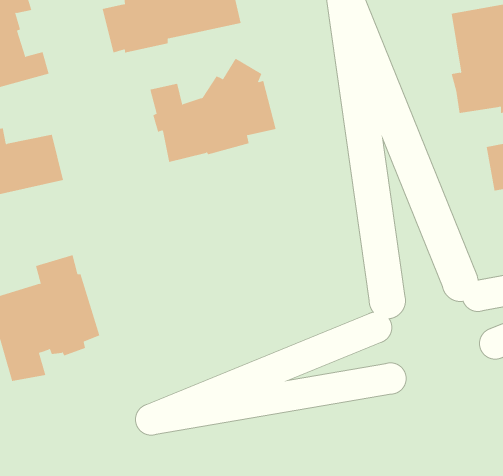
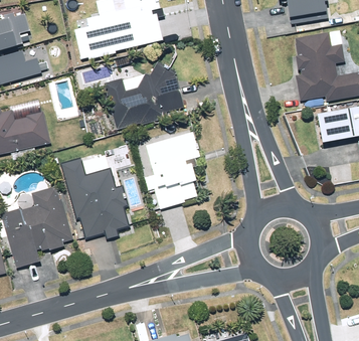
building: none -> [145,133,199,210]
building: none -> [59,156,129,239]

